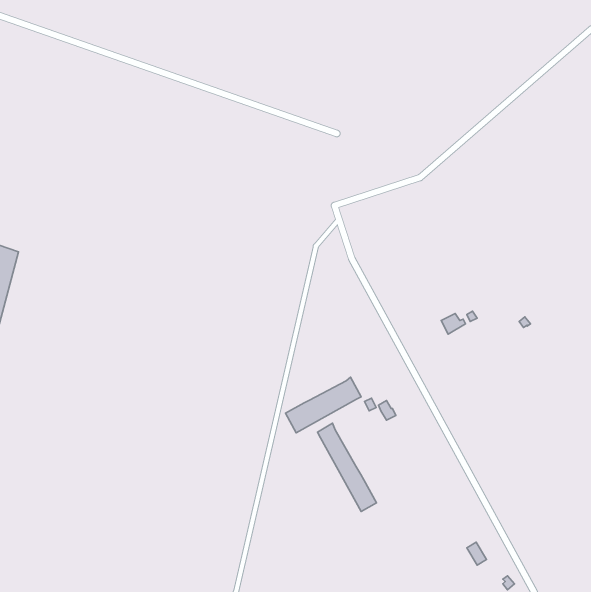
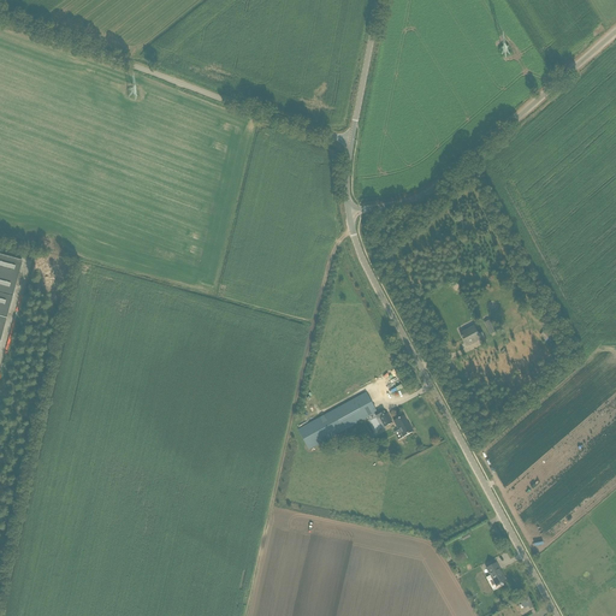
building: [317,423,376,512] -> none

